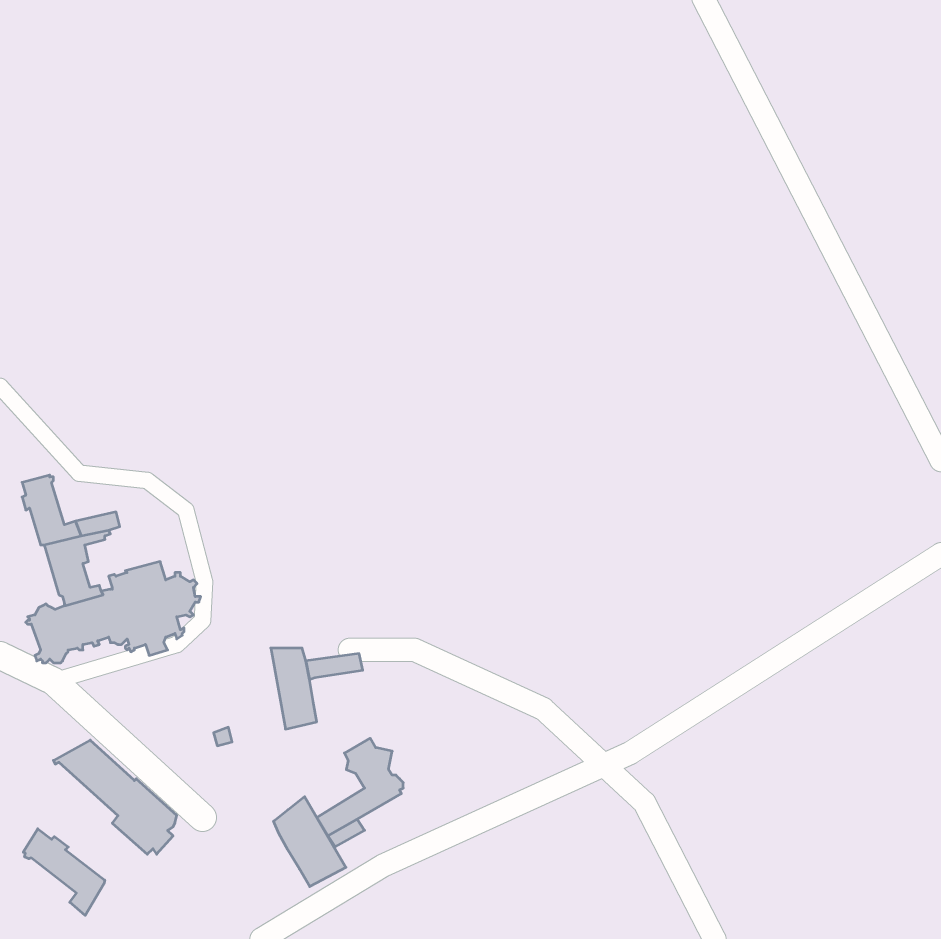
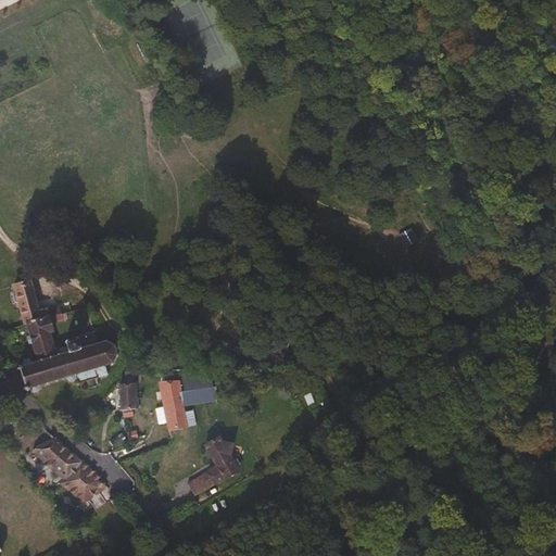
building: none -> [117,379,137,408]
building: [274,797,346,887] -> none
building: [23,829,105,915] -> none

